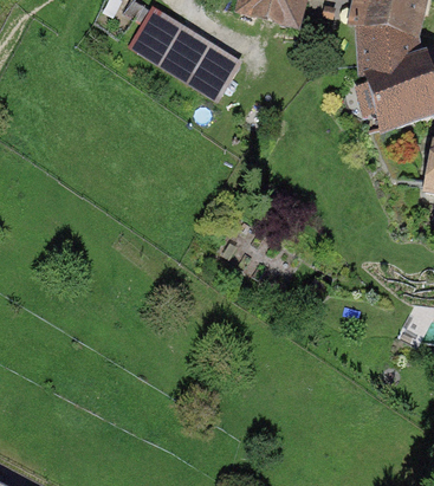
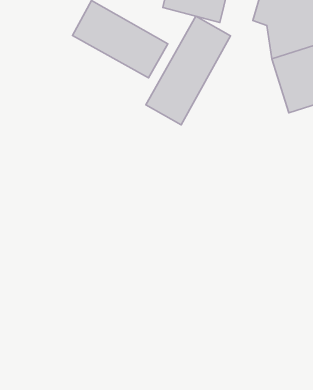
building: none -> [146,16,230,125]

